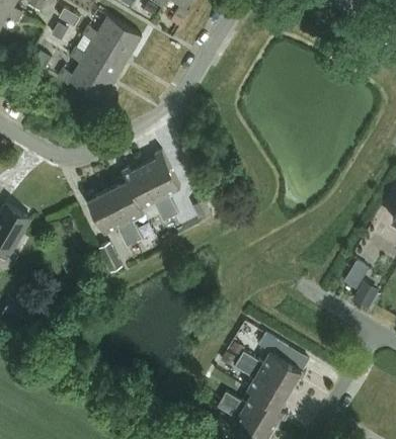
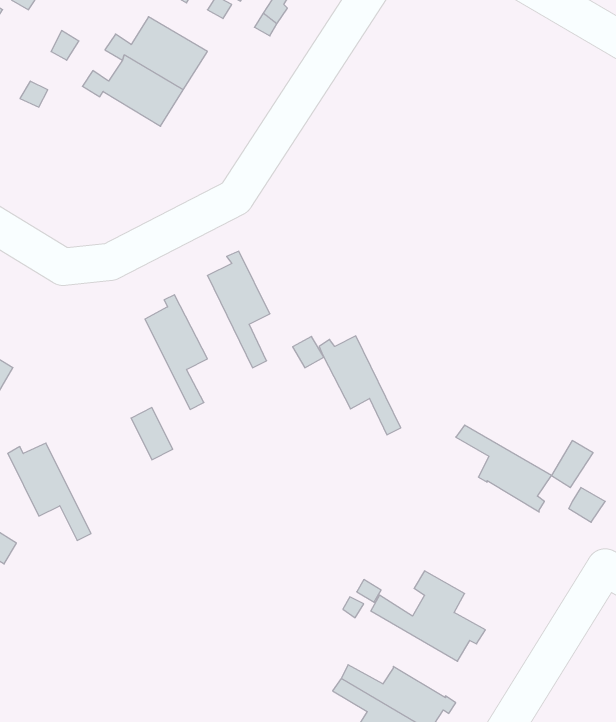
building: [58,59,115,100] -> none
building: [122,166,169,224] -> [319,336,401,435]
building: [84,191,133,248] -> [8,443,91,540]
building: [233,361,289,412] -> [456,425,551,512]

